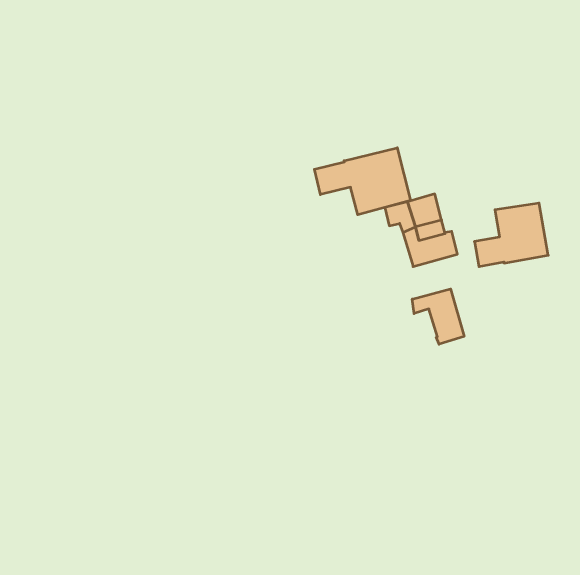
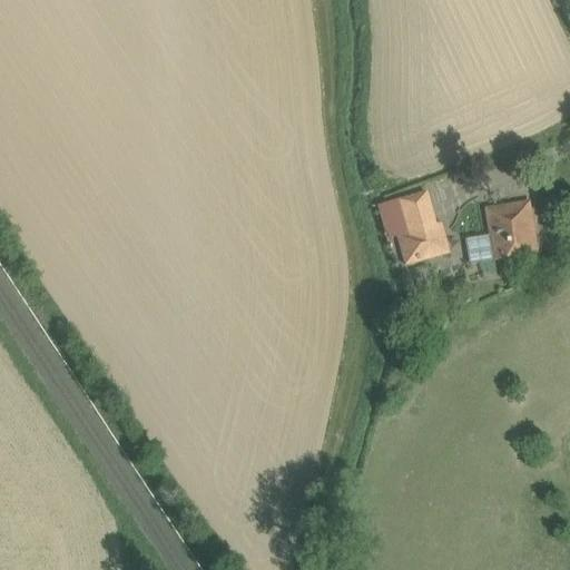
building: [314,148,411,215] -> none
building: [412,289,464,344] -> none

